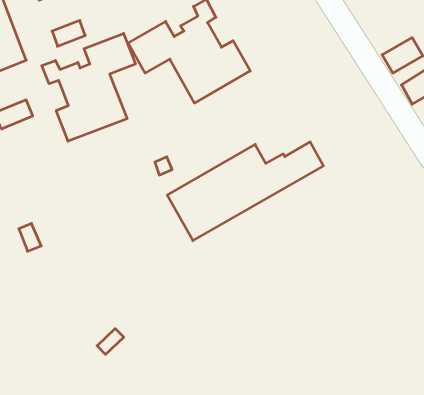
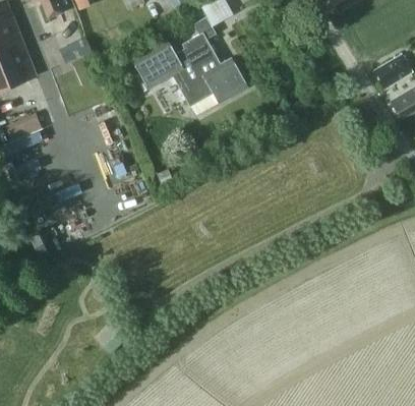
building: [42,33,135,141] -> none
building: [167,142,323,241] -> none

